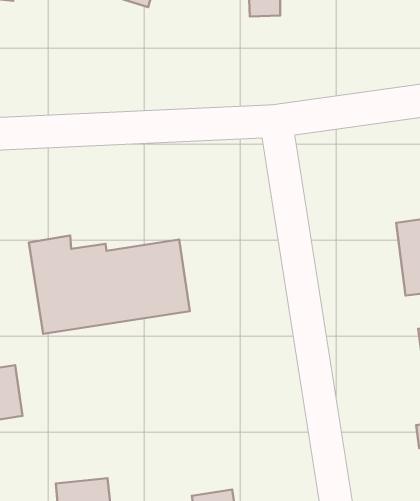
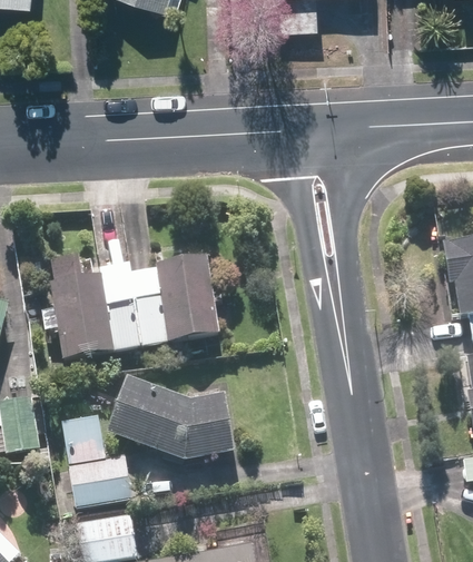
building: none -> [108,374,237,462]
building: none -> [62,416,134,509]

